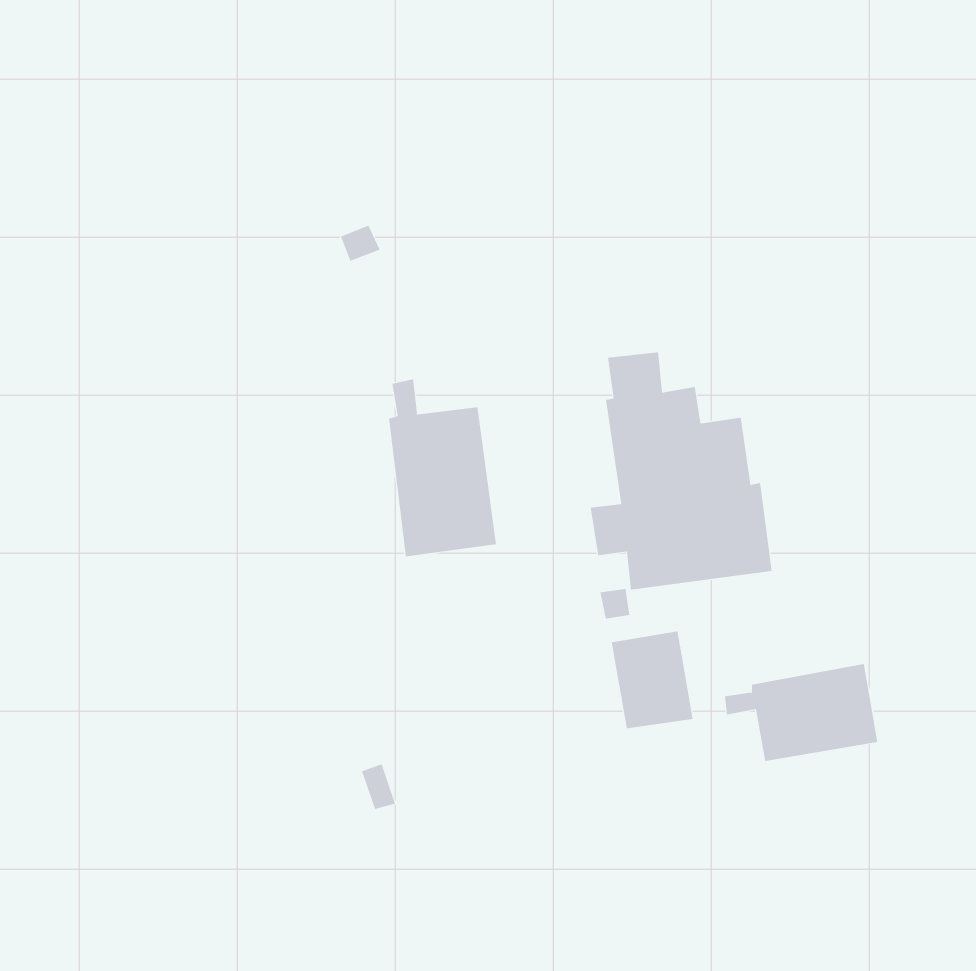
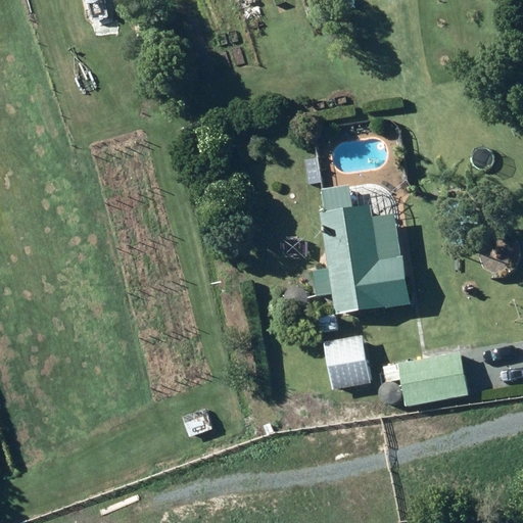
building: [389,378,497,557] -> none

